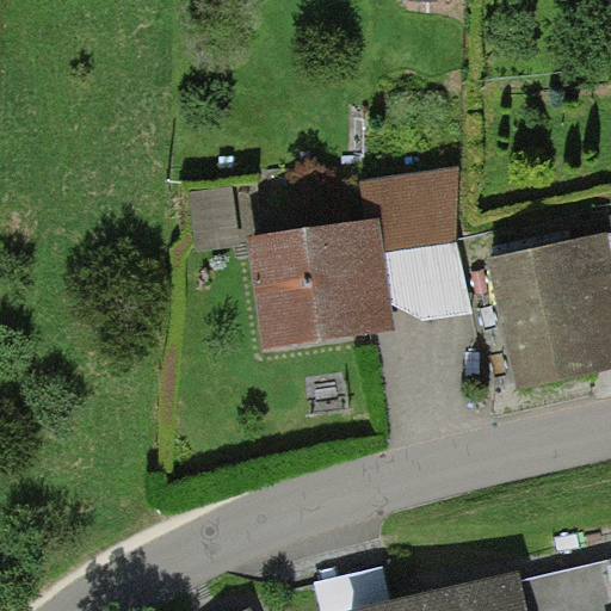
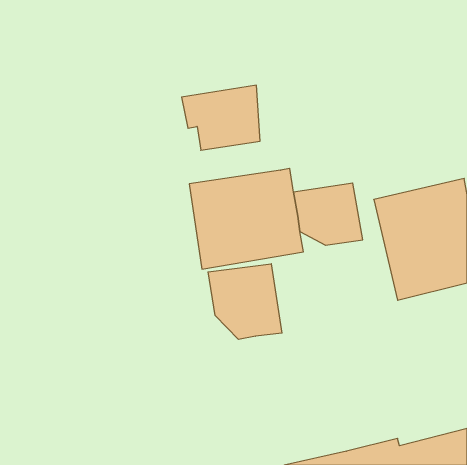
building: [358,166,461,251] -> [182,85,260,150]
building: none -> [208,264,282,339]

